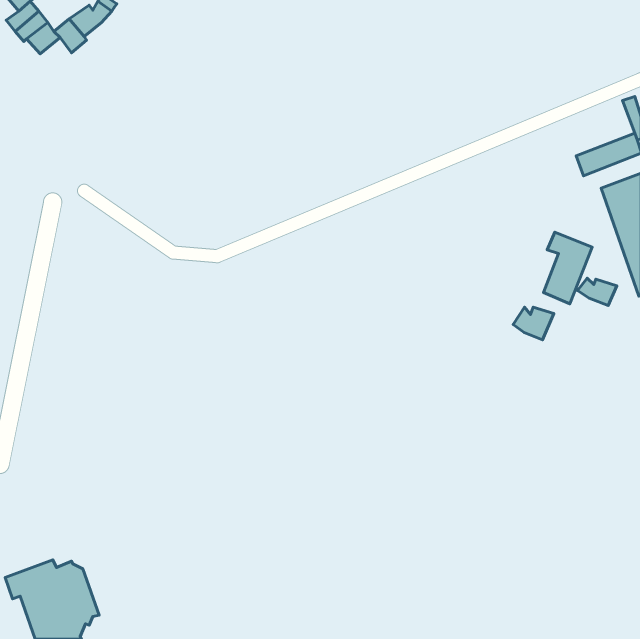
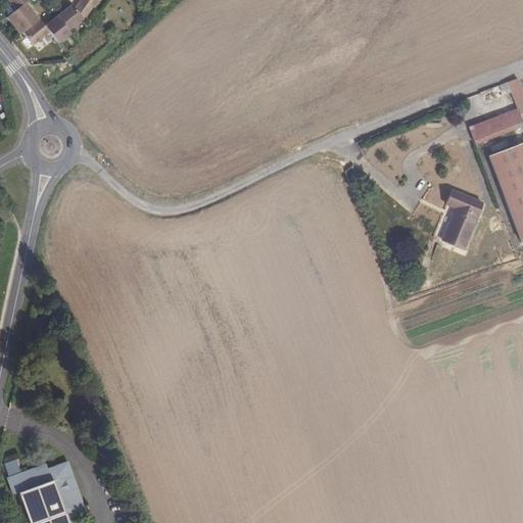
building: [577,278,617,306] -> none
building: [513,307,554,340] -> none

